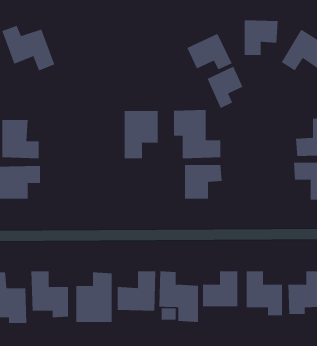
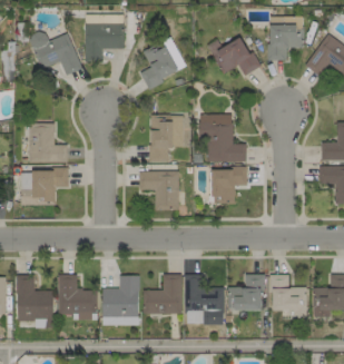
building: none -> [85,22,125,61]
building: none -> [140,39,185,88]
building: [207,66,243,109] -> none
building: none -> [139,171,179,210]

